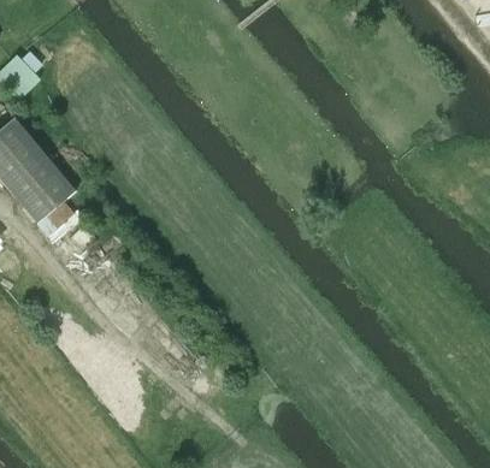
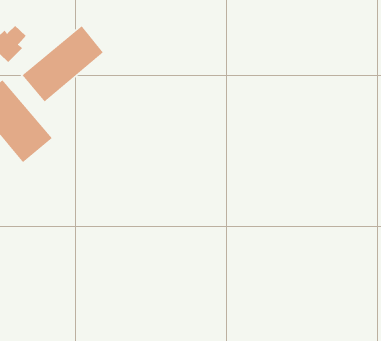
building: none -> [21,25,104,103]

